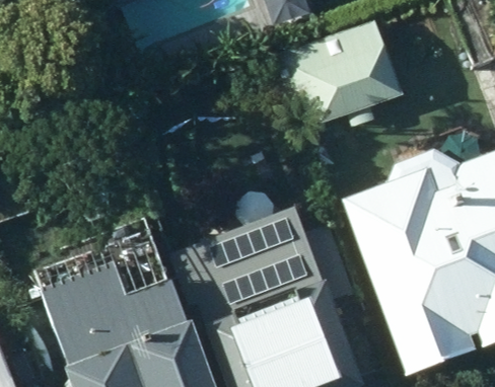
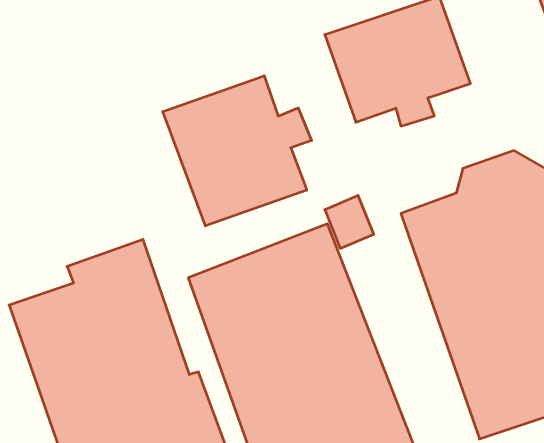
building: none -> [163,76,312,226]

